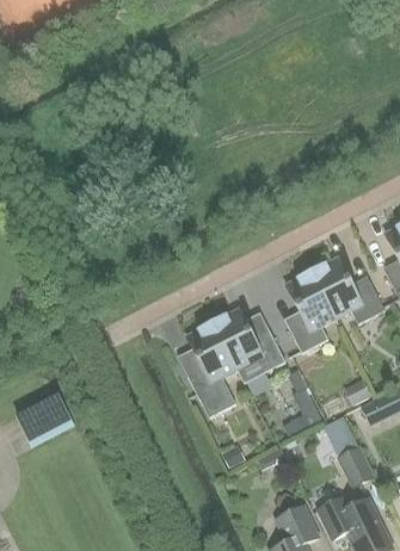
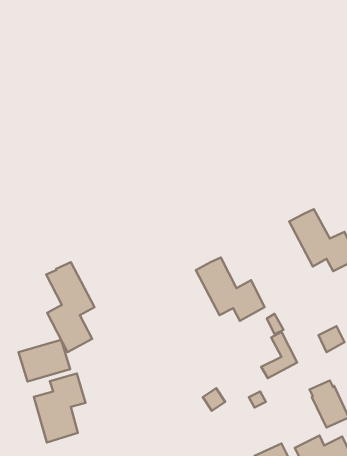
building: [285,270,337,352] -> none
building: [186,321,238,416] -> [46,262,95,352]
building: none -> [34,374,85,442]

